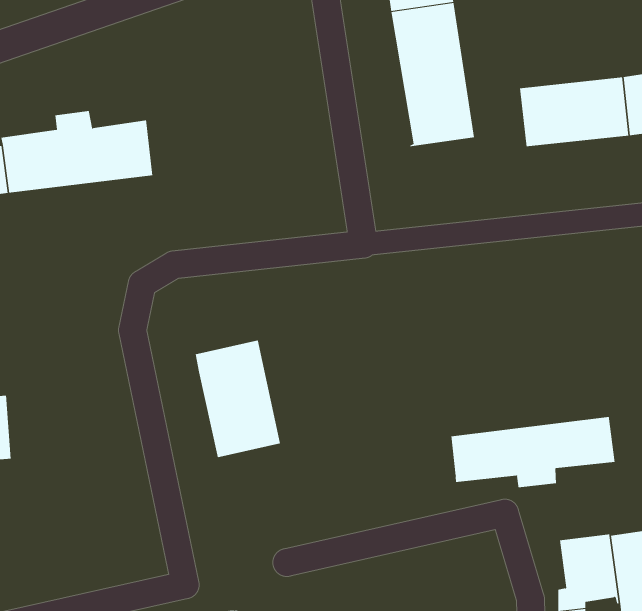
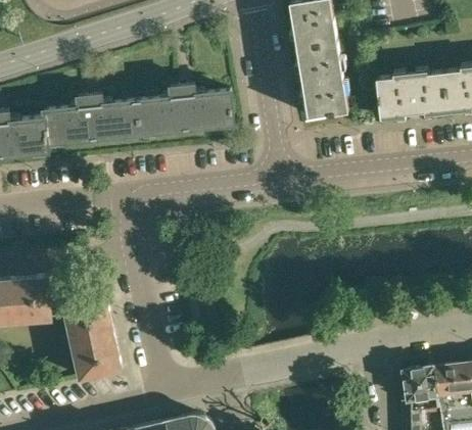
building: none -> [137,86,233,137]
building: [195,340,281,458] -> [64,303,120,379]
building: [451,416,615,488] -> none

